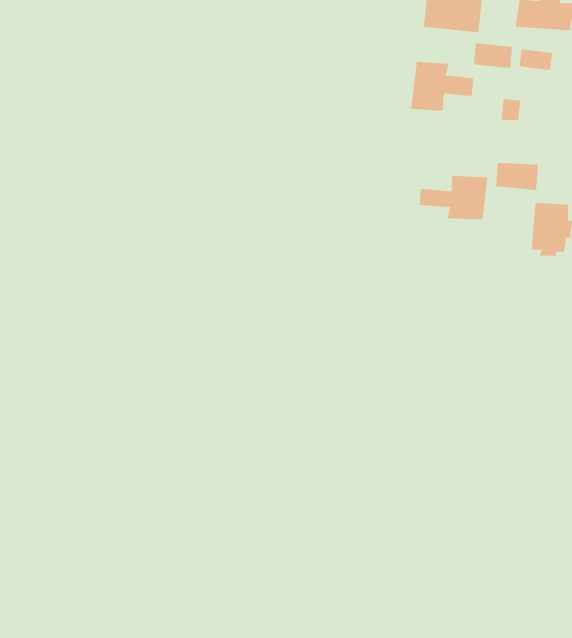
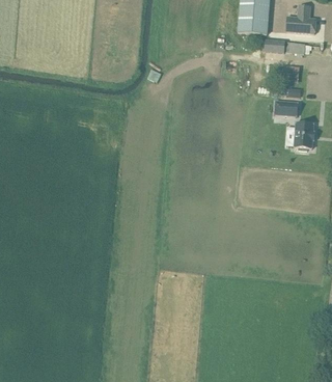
building: [410,61,474,111] -> none
building: [419,175,488,220] -> none

